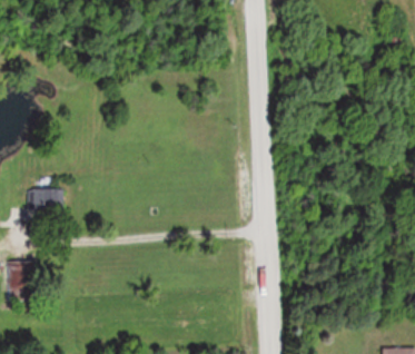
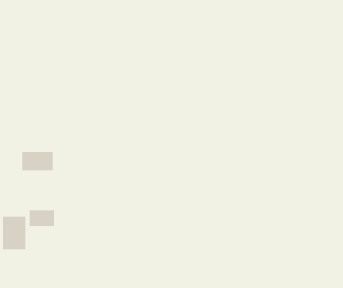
building: none -> [29,210,55,227]

